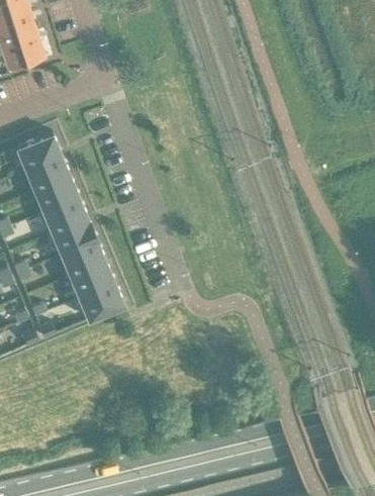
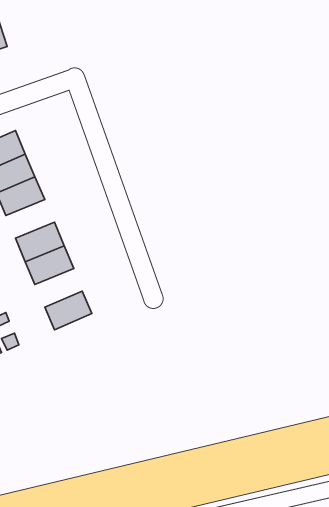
building: [43,199,89,235] -> none
building: [71,264,115,300] -> none

